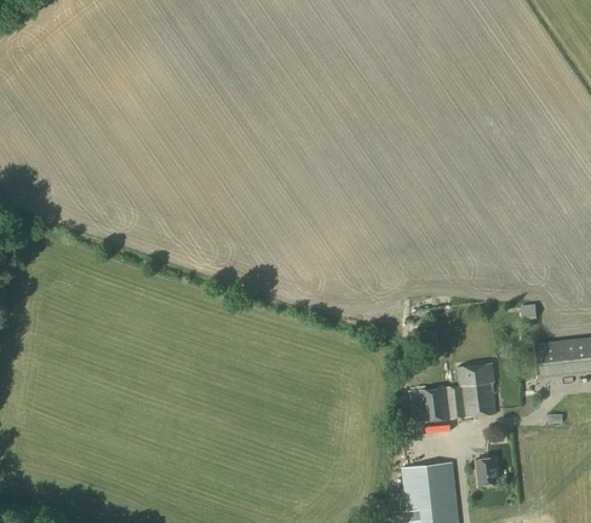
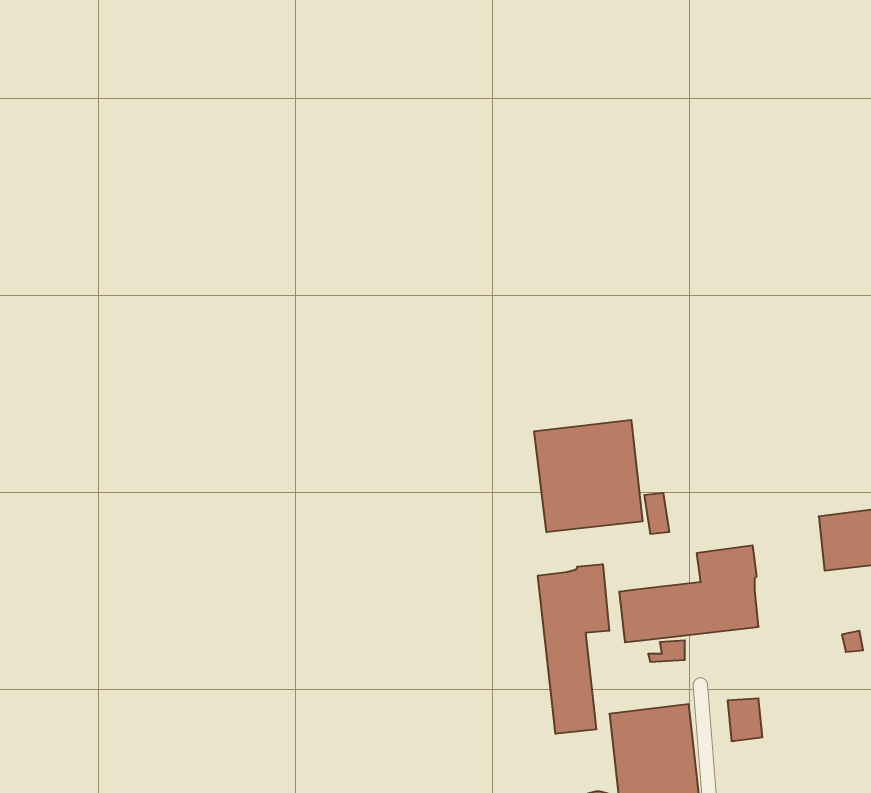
building: none -> [534,420,642,532]
building: none -> [538,564,609,734]

